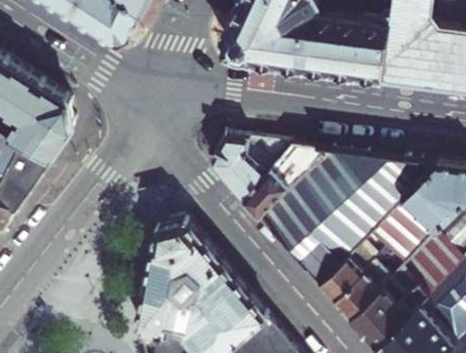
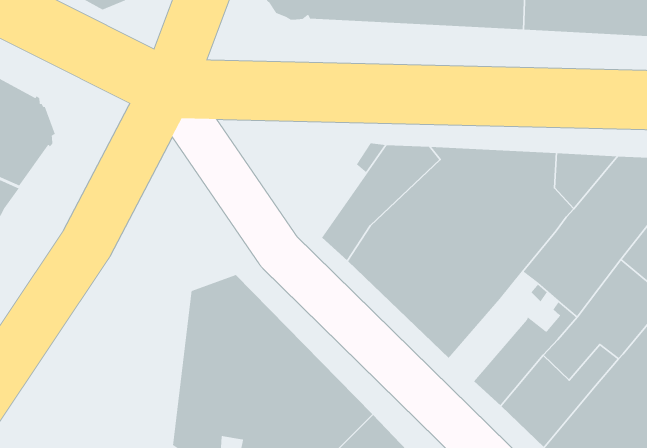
building: [210,134,266,200] -> none
building: [319,248,371,300] -> none

